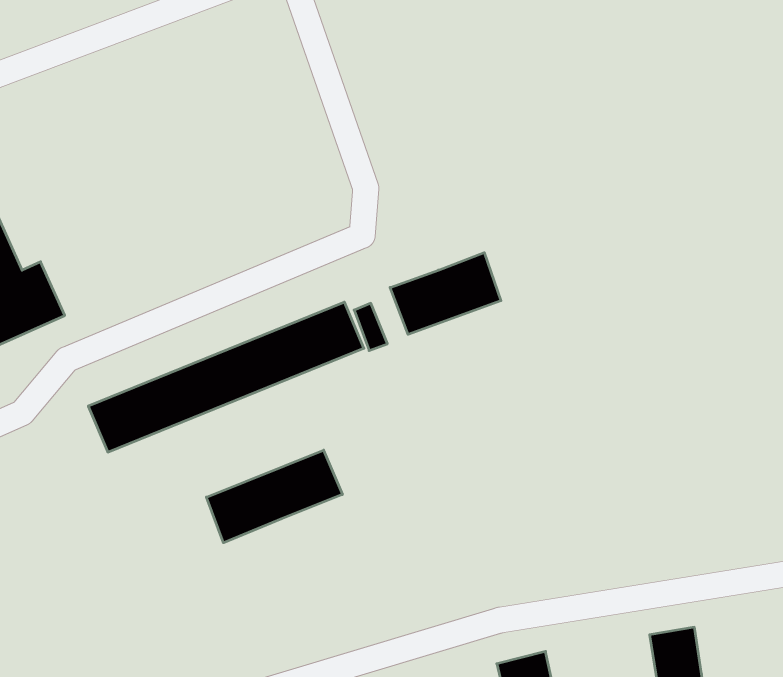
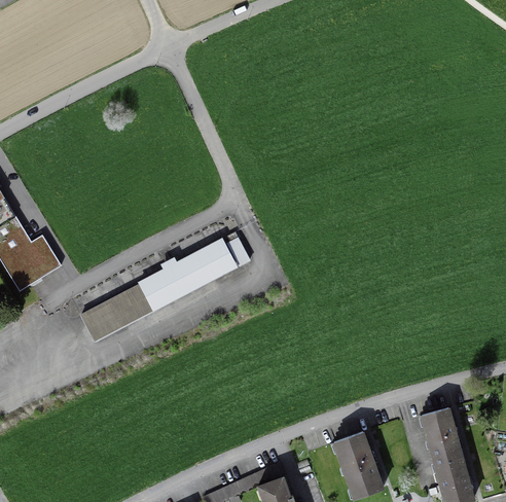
building: [390,253,501,334] -> none
building: [206,450,342,543] -> none

